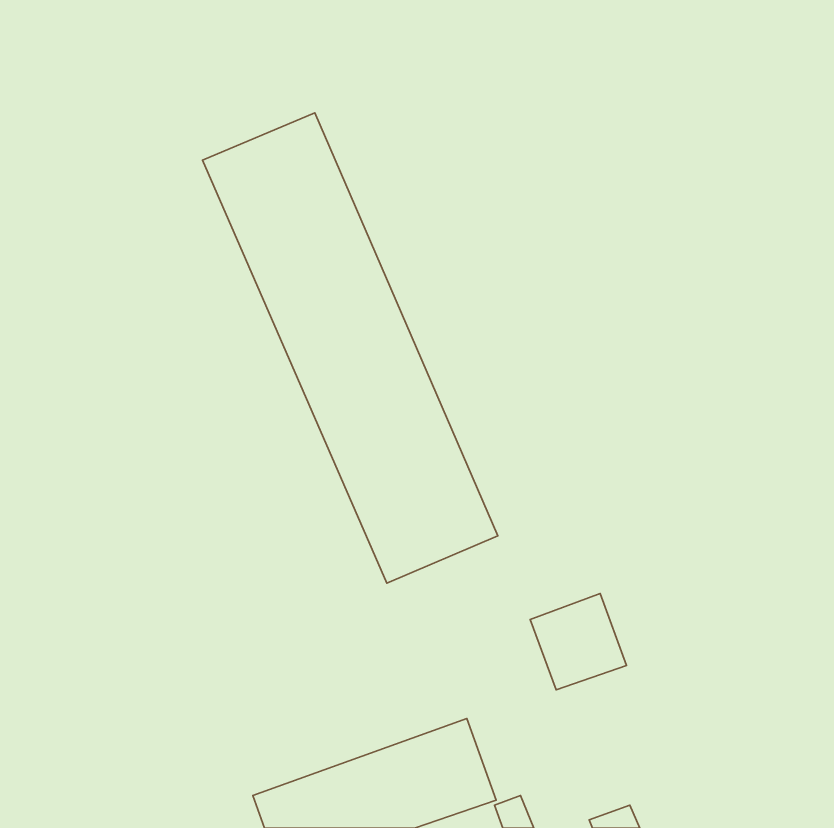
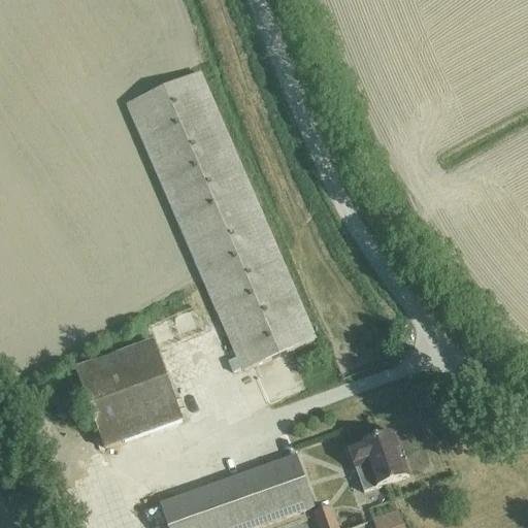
building: none -> [75,340,183,447]
building: [530,593,626,690] -> [348,430,408,491]

